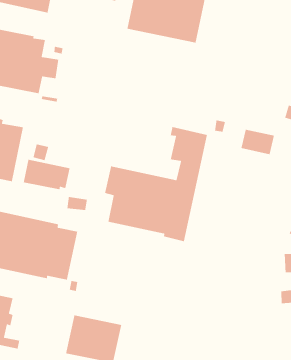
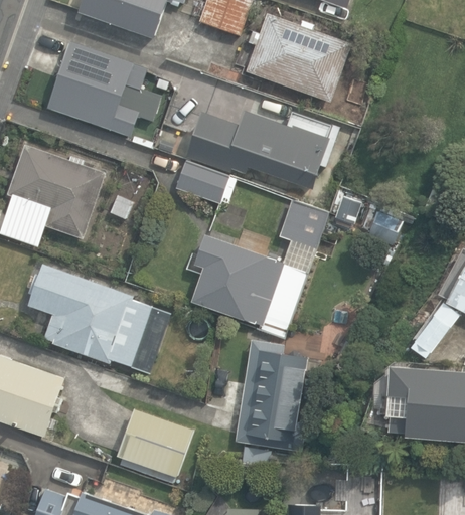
building: none -> [189,111,336,190]
building: [23,159,70,190] -> [175,161,236,204]
building: none -> [233,340,306,453]

